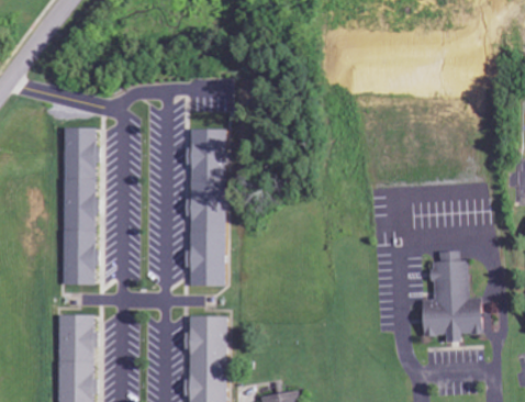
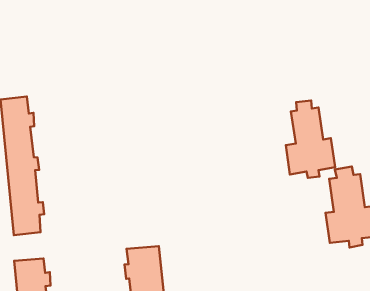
building: [188,129,225,286] -> none
building: none -> [286,100,335,178]

